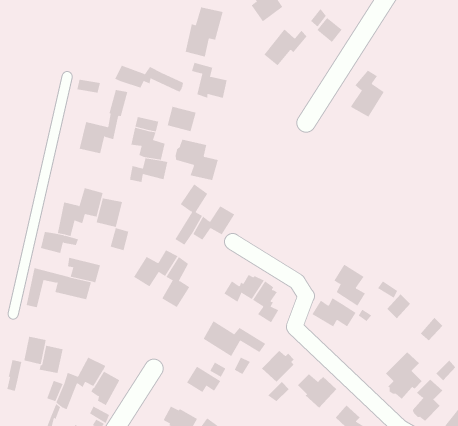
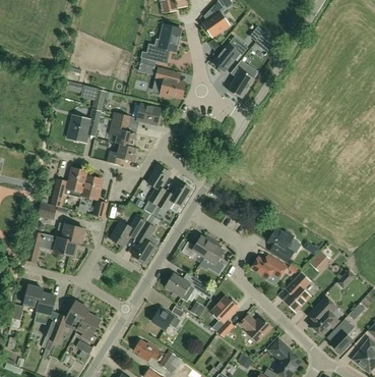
building: [114,65,183,93] -> none
building: [351,70,384,118] -> [228,60,254,98]
building: [175,139,219,181] -> none
building: none -> [285,272,310,310]

